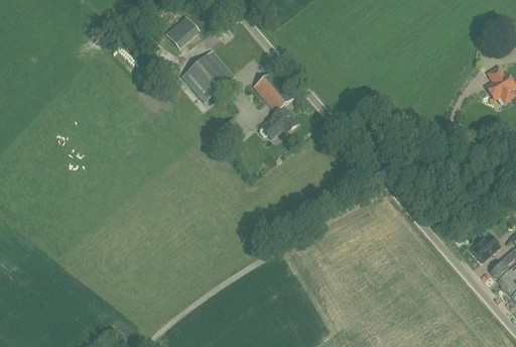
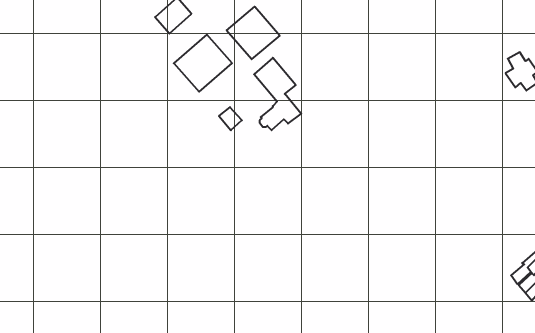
building: none -> [227,7,280,59]
building: [471,233,500,262] -> none

